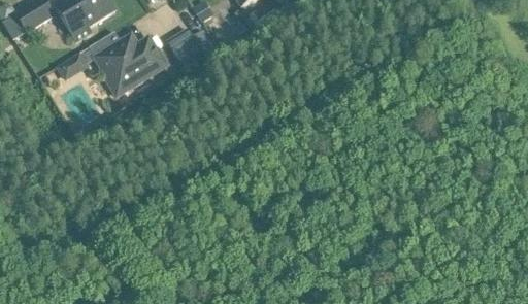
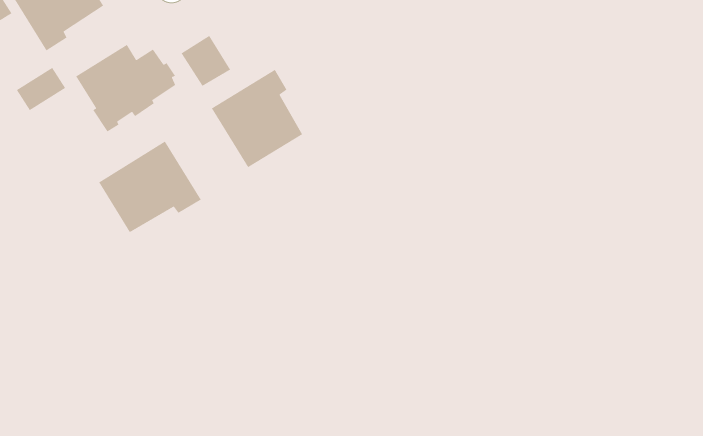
building: none -> [211,69,303,168]
building: none -> [98,140,202,233]

